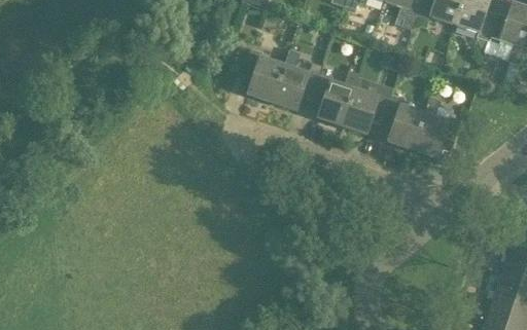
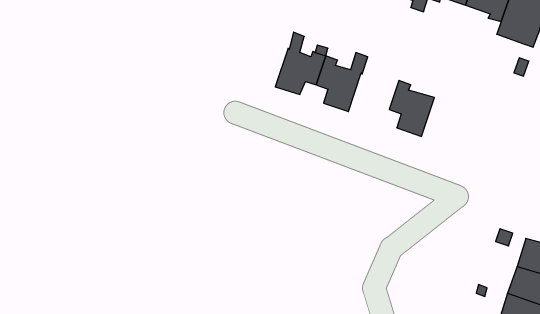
building: [241,48,284,102] -> none
building: [342,88,390,133] -> none
building: [412,97,460,156] -> none

